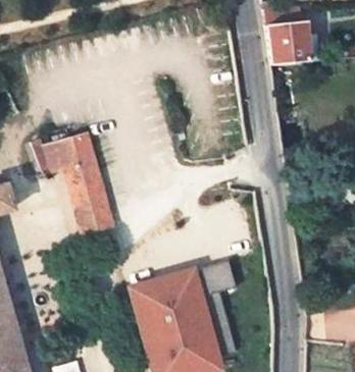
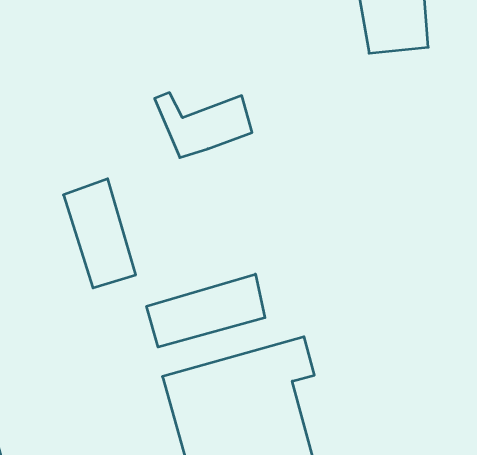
building: [27,123,94,168] -> [155,93,252,158]
building: none -> [147,274,265,347]

